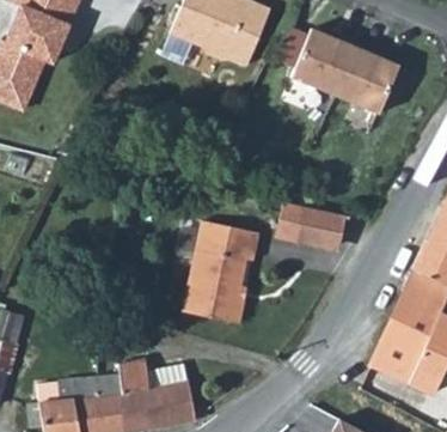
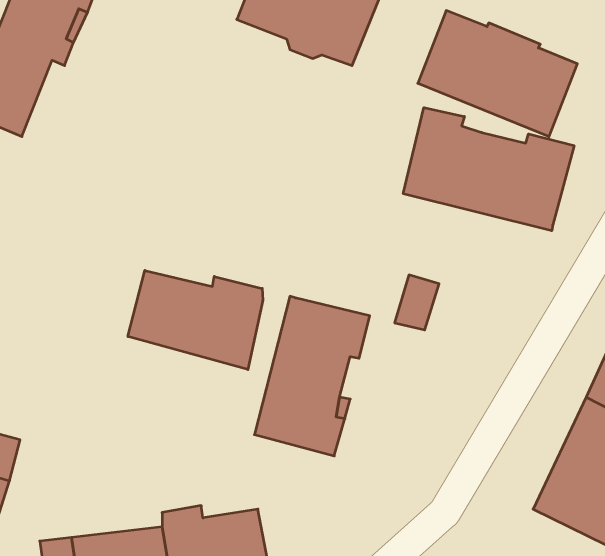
building: none -> [403,108,574,231]
building: none -> [128,270,263,370]
building: [296,211,349,250] -> none

